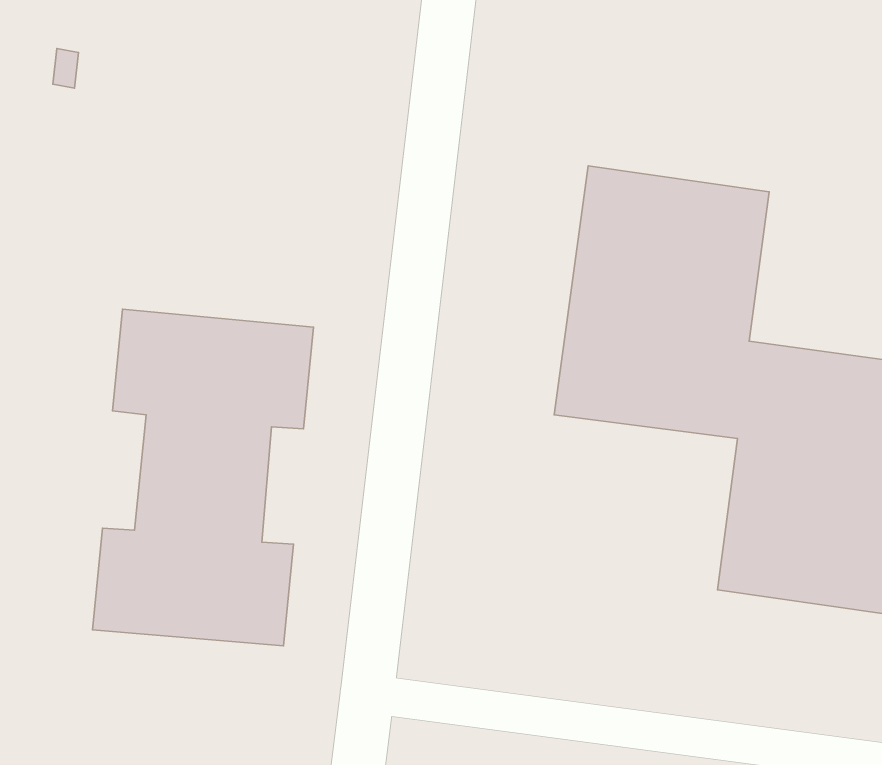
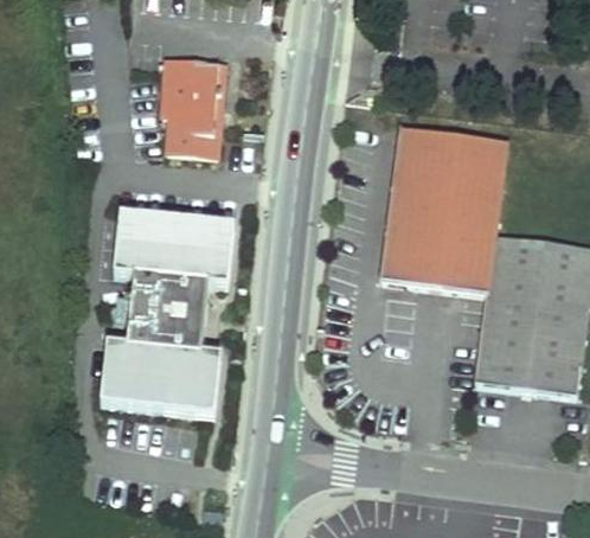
building: none -> [165,57,239,149]

